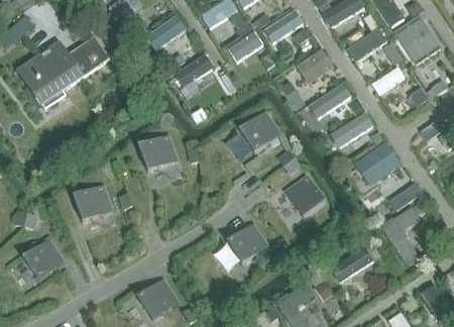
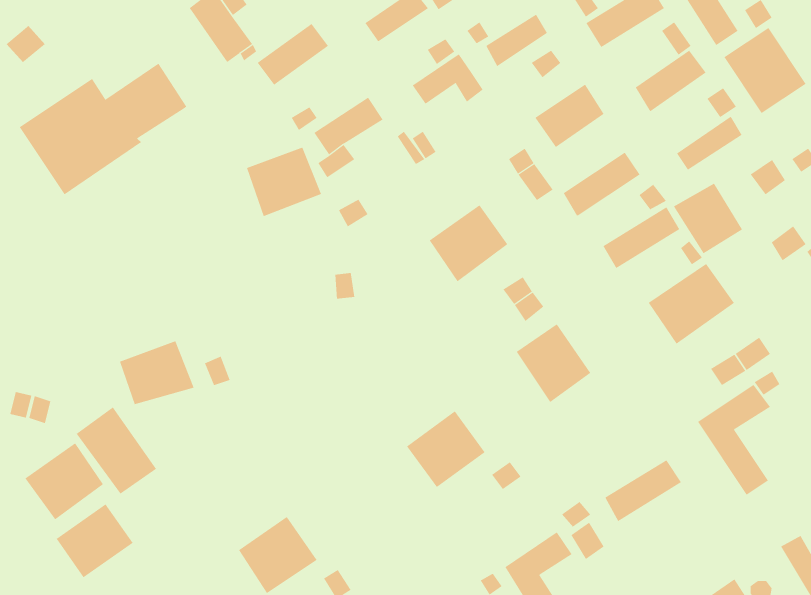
building: none -> [673,183,743,254]
building: [138,134,179,172] -> [246,147,322,217]
building: none -> [76,407,157,494]
building: none -> [56,504,133,578]

